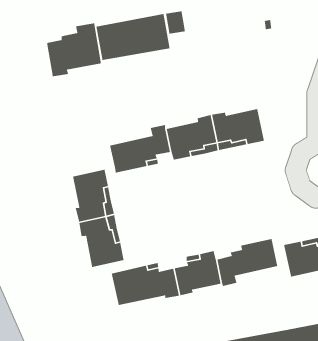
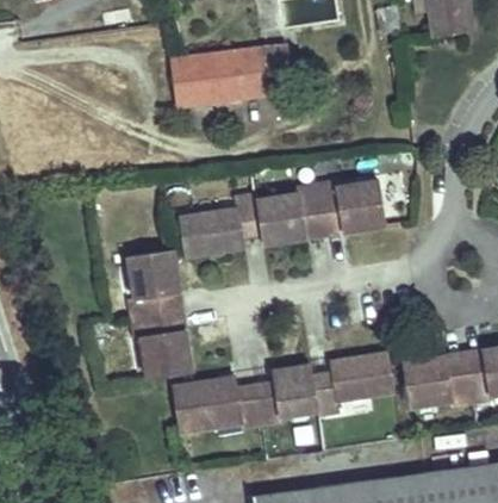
building: [46,22,102,77] -> none

